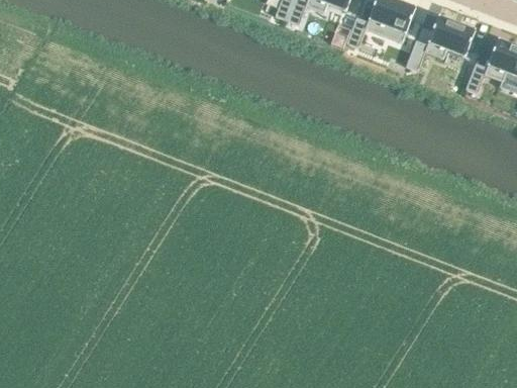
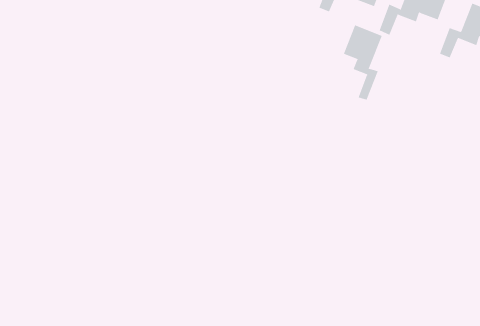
building: none -> [343,25,382,100]

